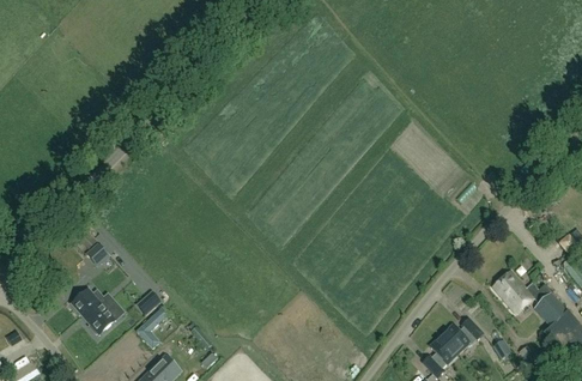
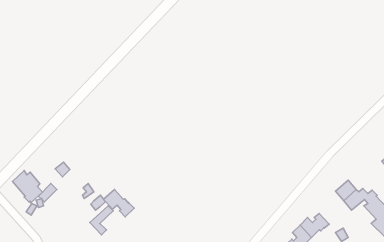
building: none -> [104,189,134,217]
building: [72,288,115,334] -> [13,171,42,203]

